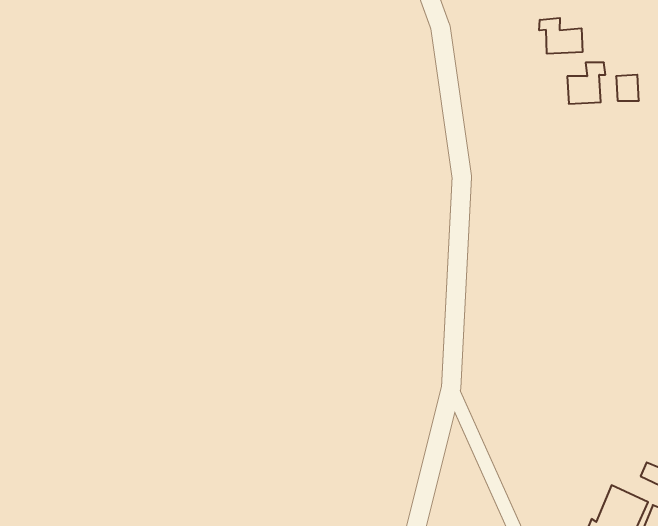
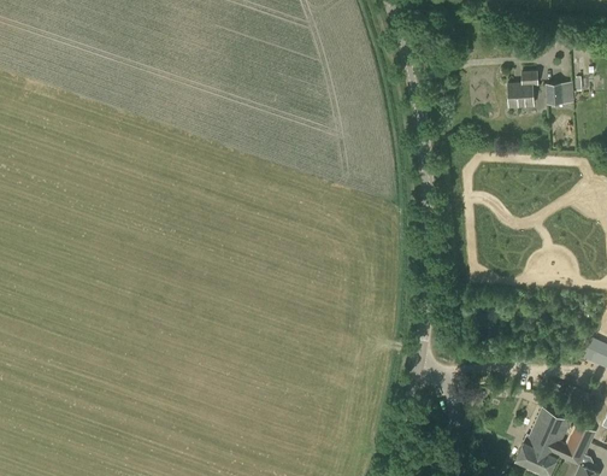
building: [539,18,582,54] -> none

